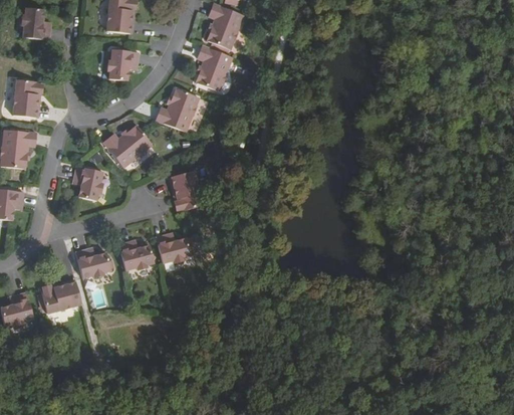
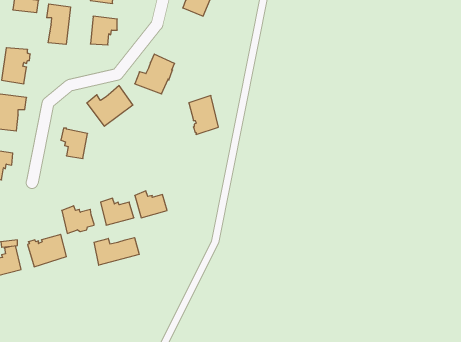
building: none -> [47,4,70,44]
building: [196,43,234,88] -> none
building: [169,170,201,212] -> [189,96,218,134]
building: none -> [94,238,139,265]

